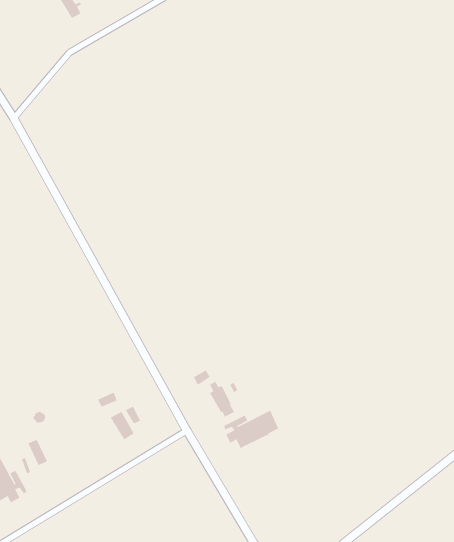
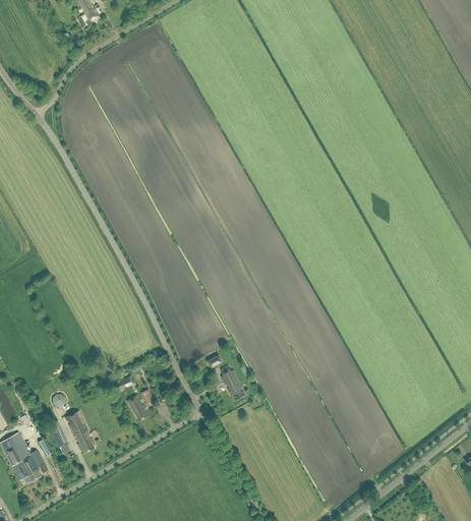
building: [223,410,279,449] -> none
building: none -> [65,410,95,453]

